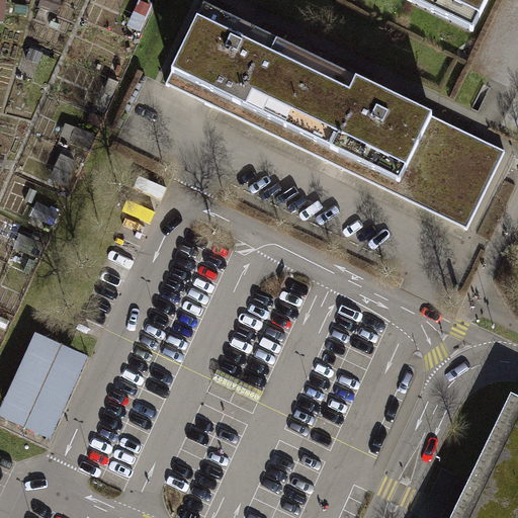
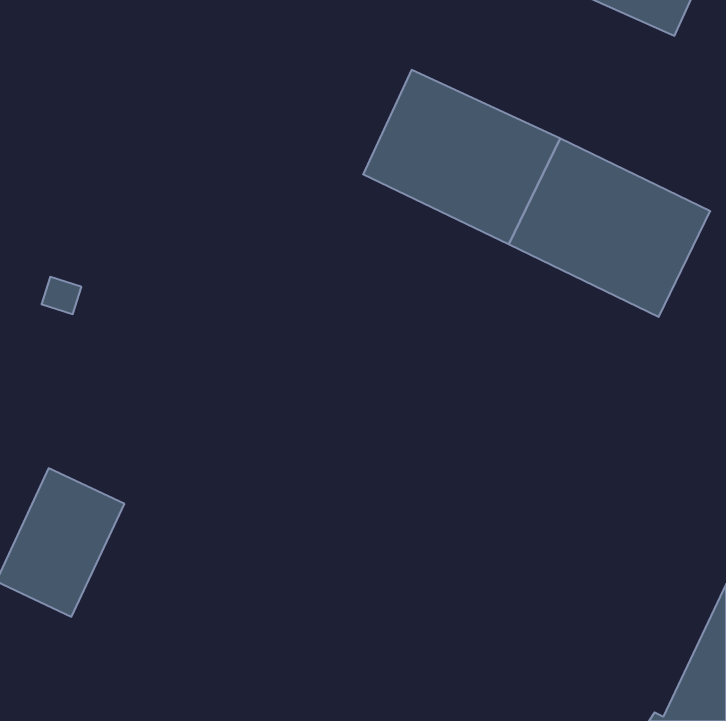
building: [165,6,291,123] -> none

